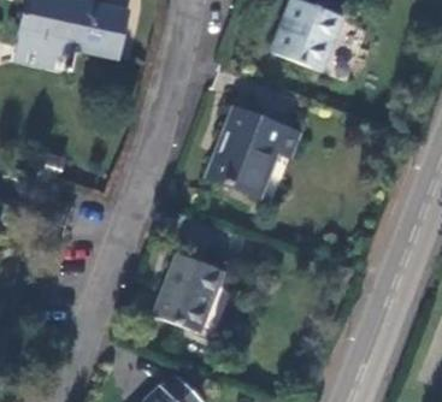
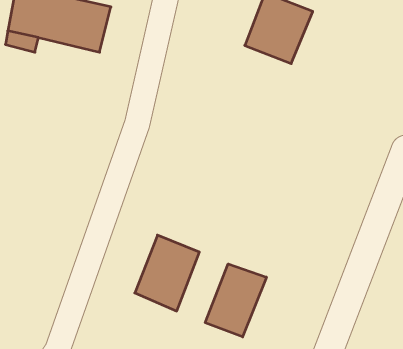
building: [208,108,299,197] -> none
building: none -> [205,264,266,337]

